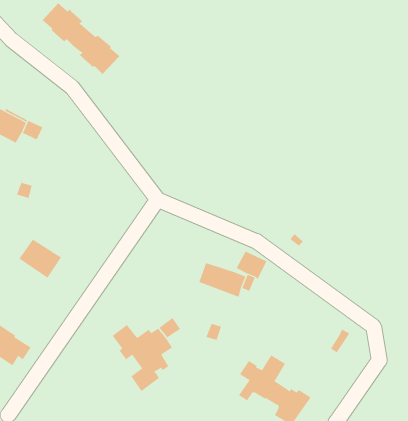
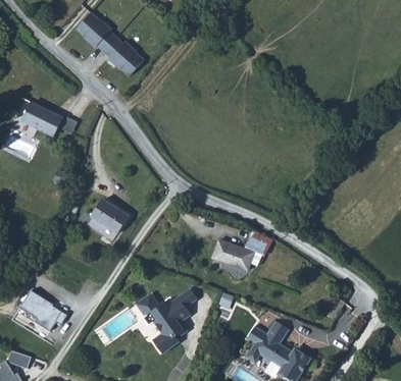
building: [19,239,62,278] -> [91,200,129,234]

